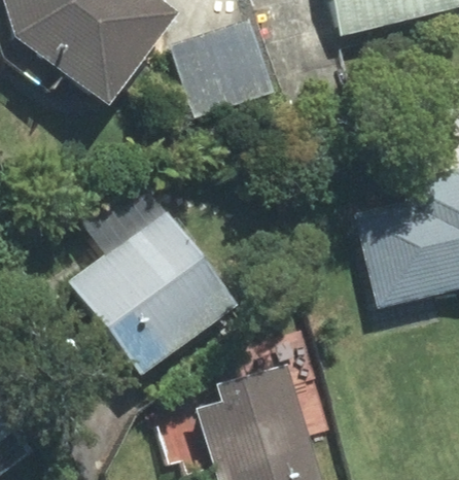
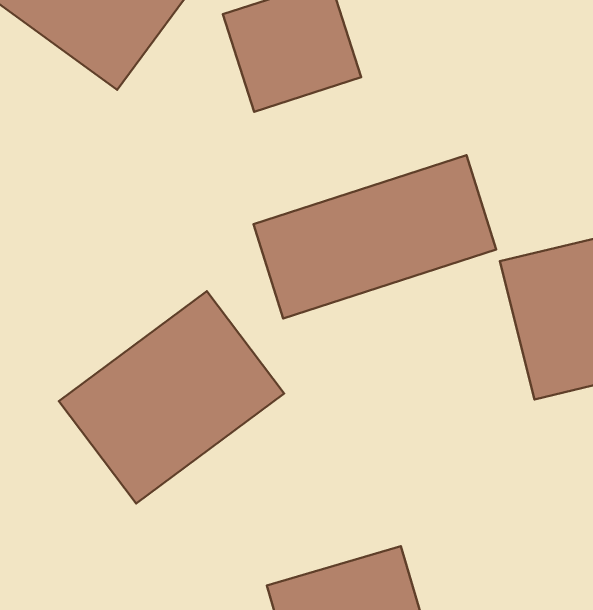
building: none -> [254,155,496,318]

